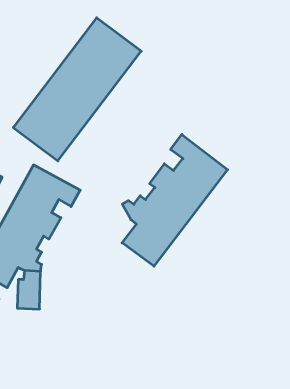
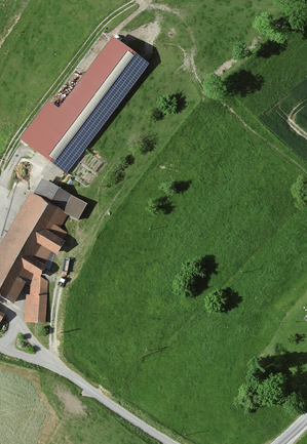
building: [122,134,228,266] -> none

